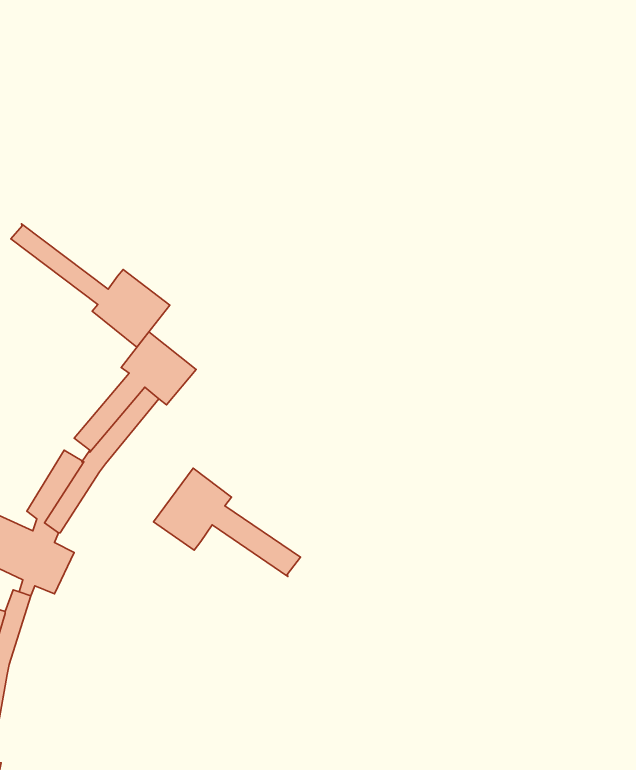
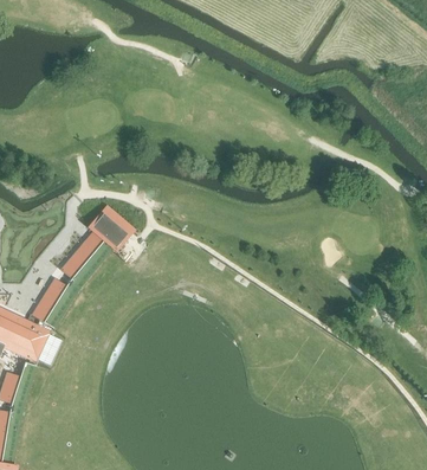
building: [11,224,170,347] -> none
building: [154,468,300,577] -> none

